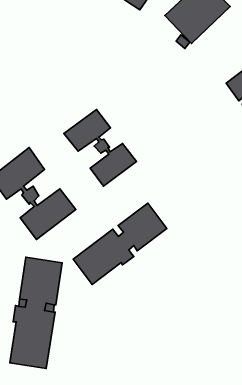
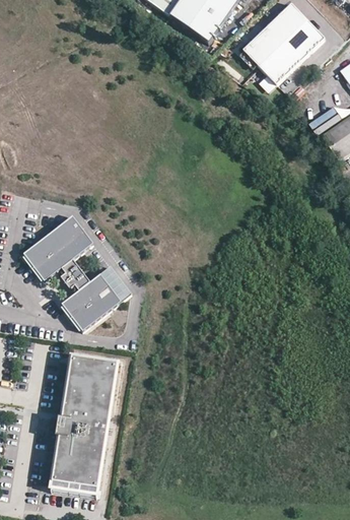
building: [64,110,136,186] -> none
building: [73,203,167,284] -> none

